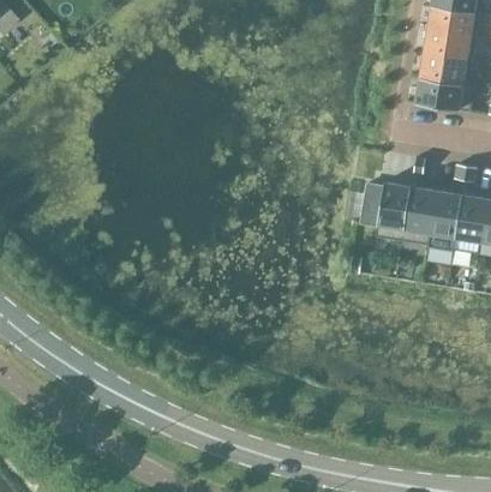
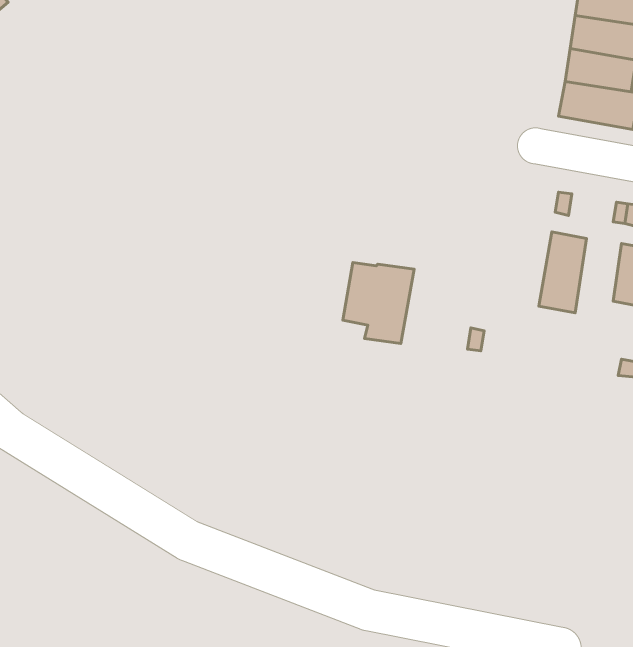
building: [358,182,409,241] -> [343,262,414,343]
building: [426,192,460,246] -> none

